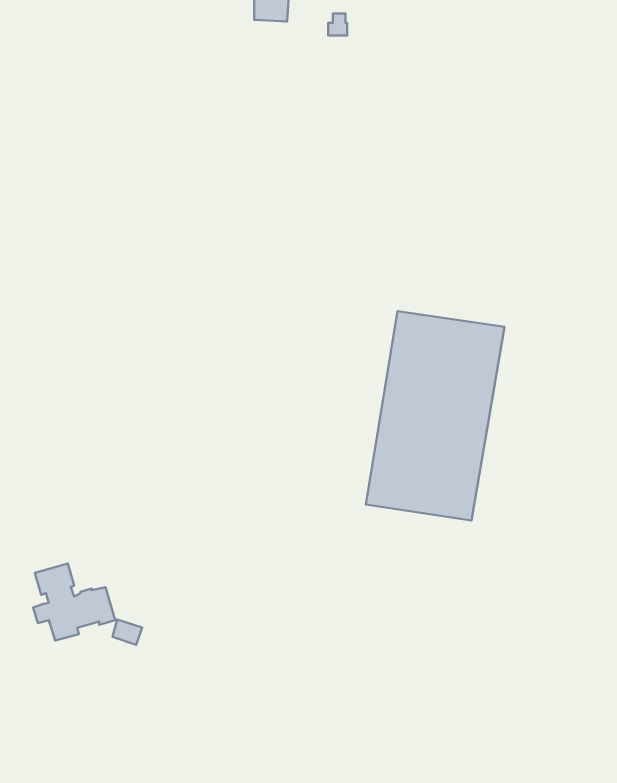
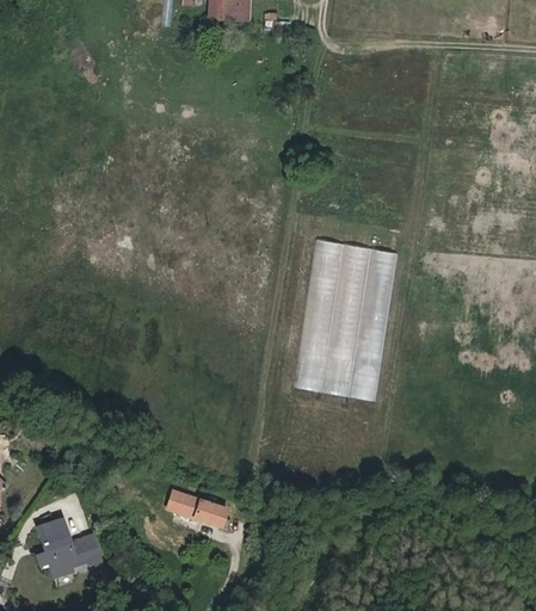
building: [33,563,115,641] -> [36,523,98,581]
building: none -> [168,492,232,529]

